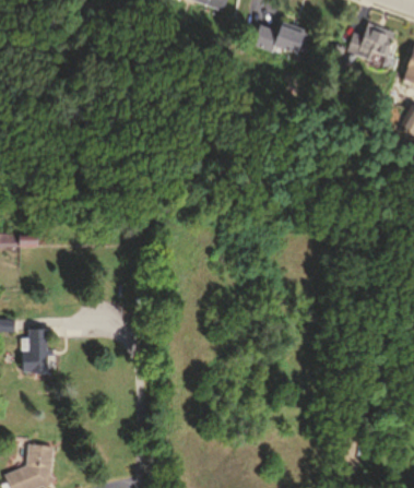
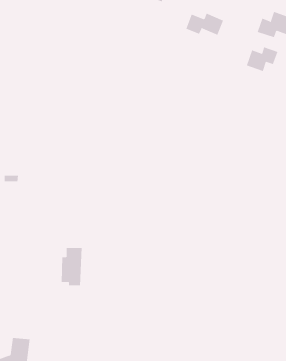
building: none -> [246,46,278,72]
building: [20,331,48,381] -> [61,248,82,286]

